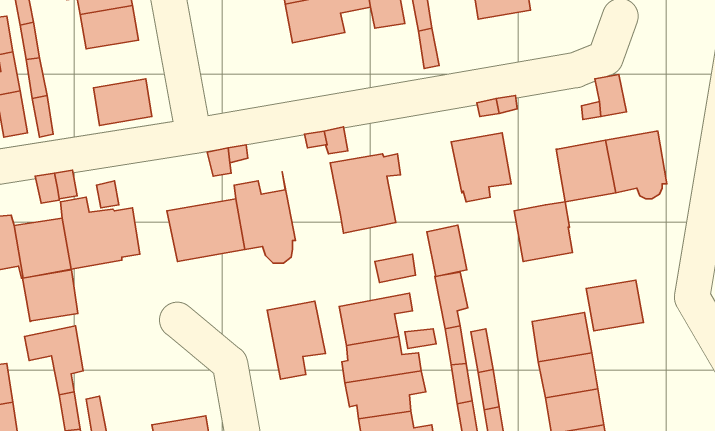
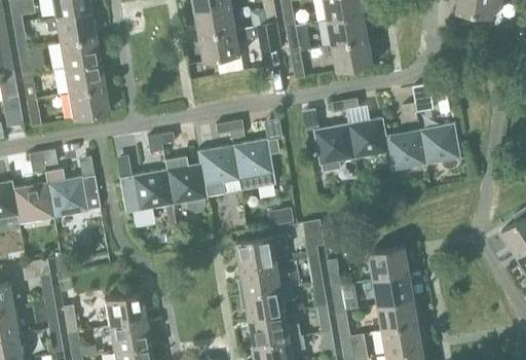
building: none -> [332,39,373,71]
building: none -> [63,60,104,93]
building: [514,202,573,262] -> [348,117,388,158]
building: [427,225,467,276] -> none
building: [23,270,78,321] -> none
building: [586,280,644,331] -> none
building: [267,301,325,379] -> [197,144,237,197]
building: none -> [104,292,145,324]

